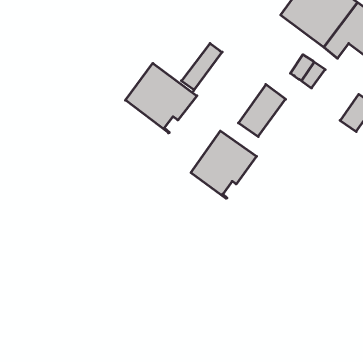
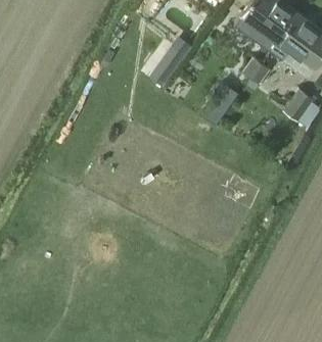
building: [125,63,197,133] -> none
building: [191,131,257,198] -> none

